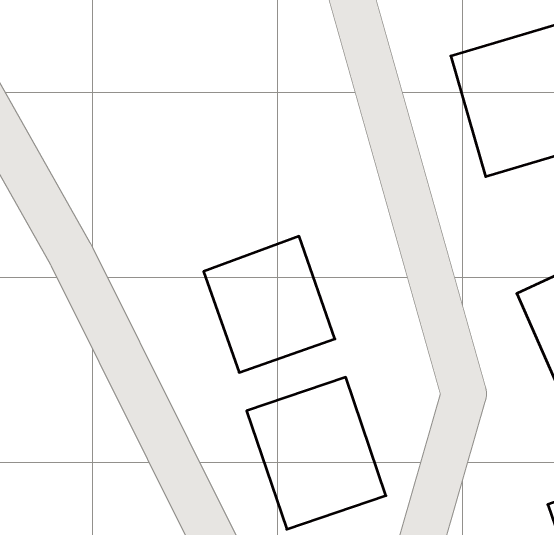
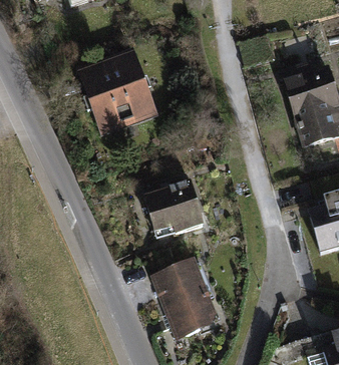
building: none -> [80,56,153,130]

